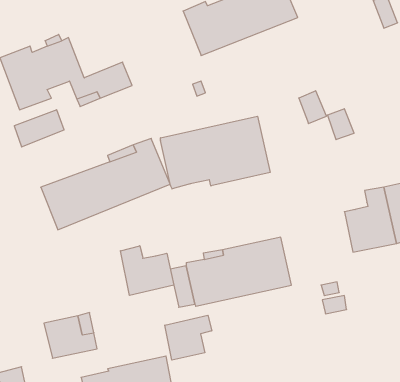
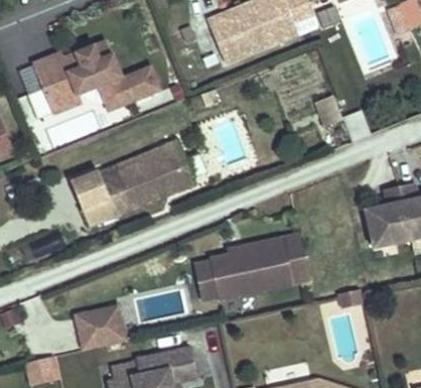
building: [161,116,270,189] -> none
building: [120,246,174,295] -> none
building: [165,315,212,360] -> none

